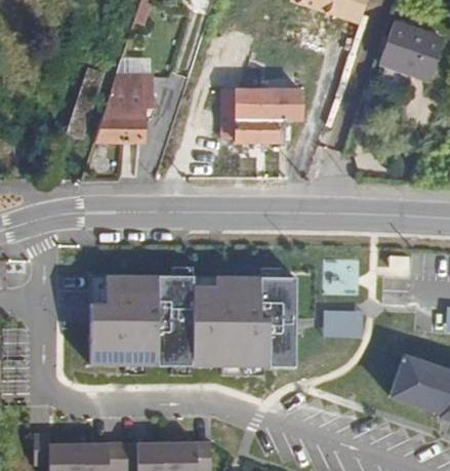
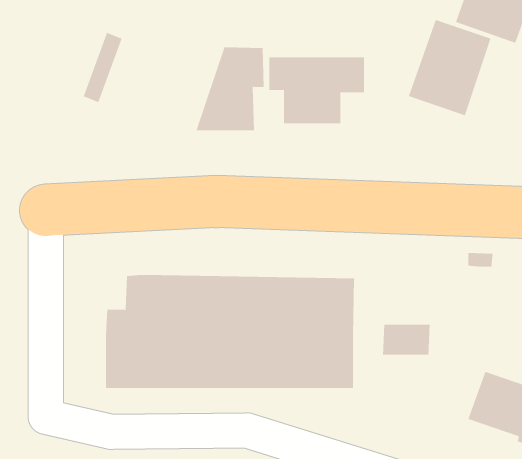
building: none -> [408,19,491,116]
building: [95,71,153,141] -> [195,47,265,131]

